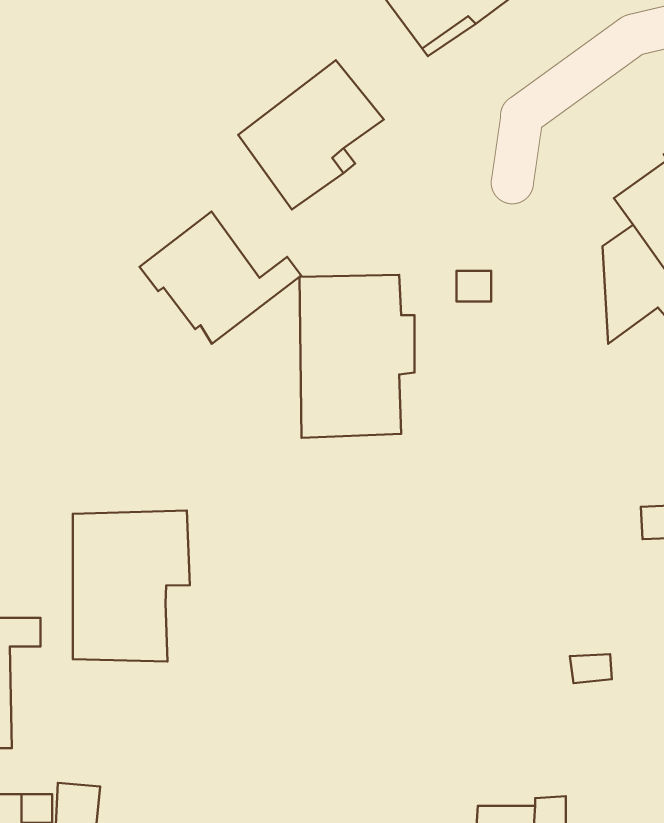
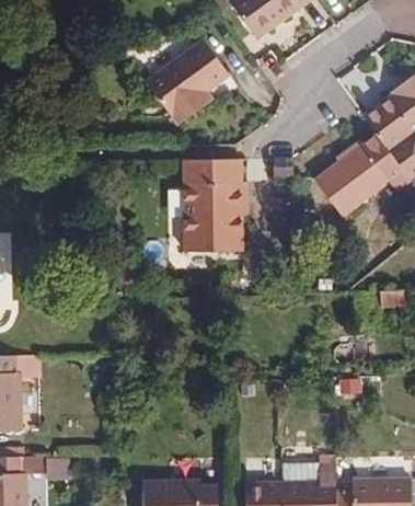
building: [139,212,301,344] -> none
building: none -> [311,143,361,217]
building: [73,511,190,662] -> none

